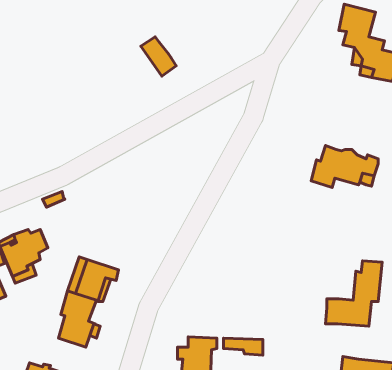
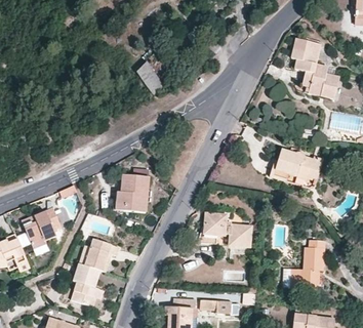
building: none -> [115,174,151,212]
building: none -> [199,213,250,246]

